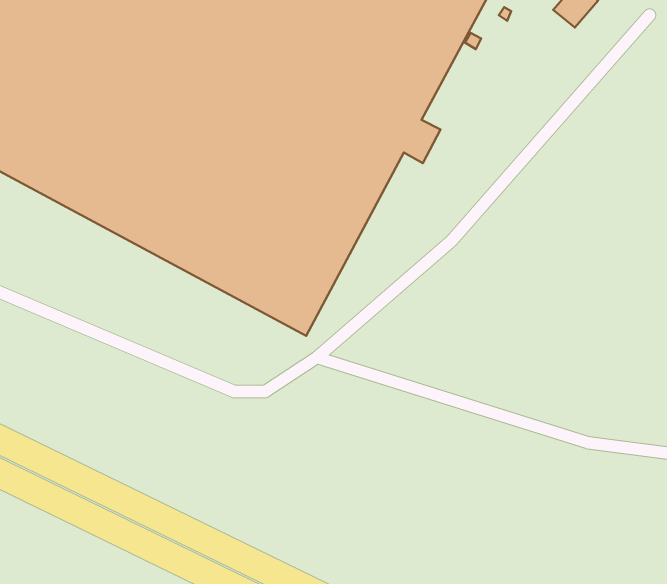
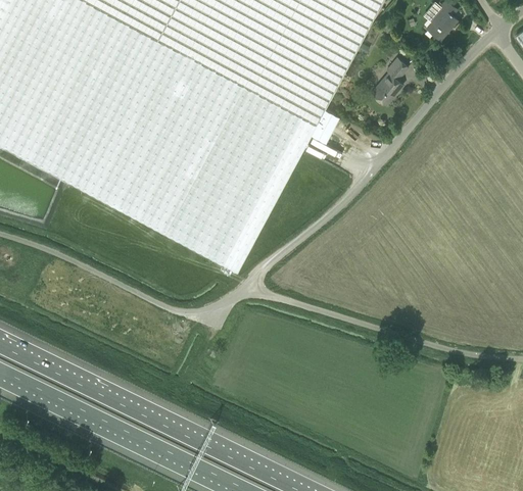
building: none -> [371,57,408,104]

